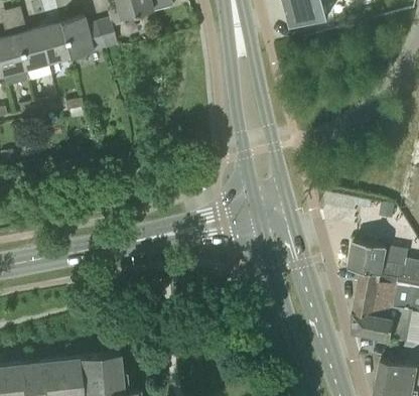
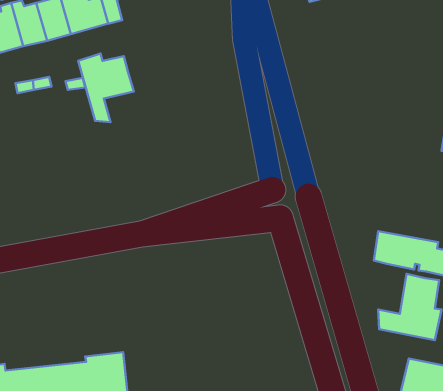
building: none -> [78,54,134,122]
building: [356,271,400,317] -> none

